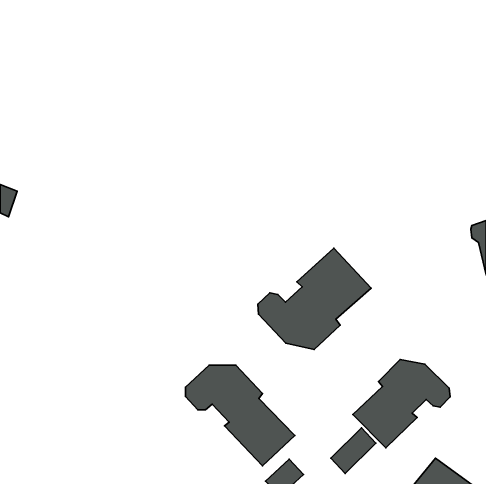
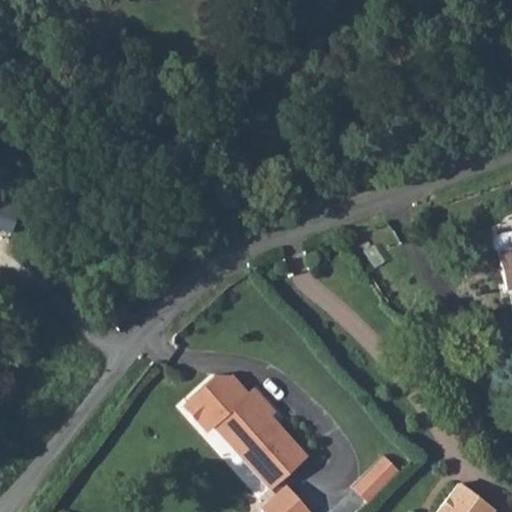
building: [258,248,371,349] -> none
building: [353,360,450,448] -> none

